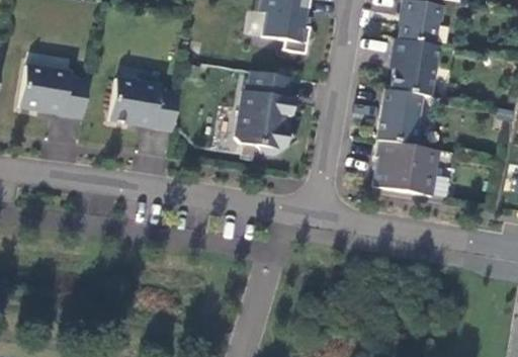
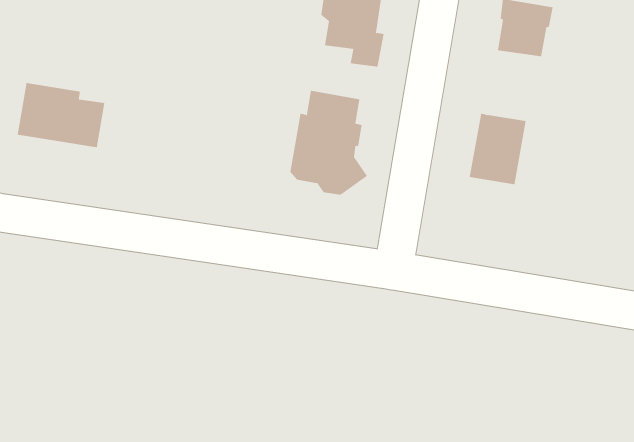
building: [391,39,438,97] -> none
building: [109,78,179,130] -> none
building: [373,141,439,196] -> none

